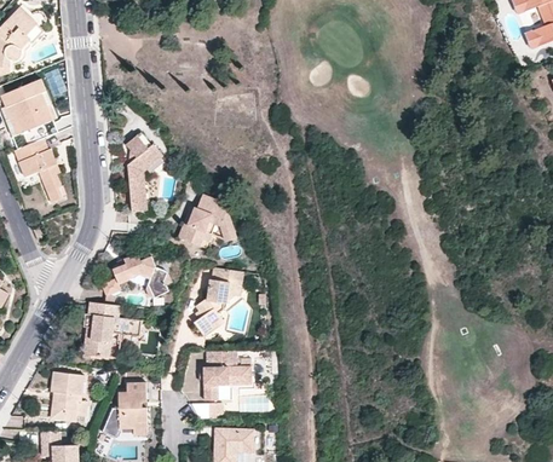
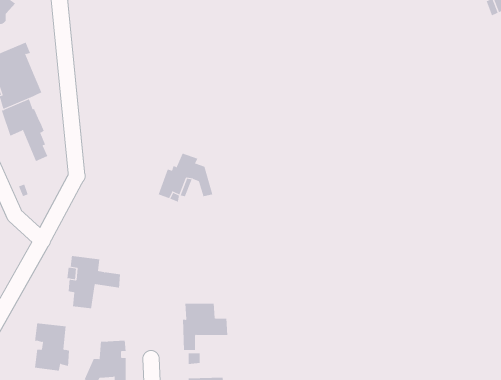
building: [128,134,165,210] -> none
building: [113,254,168,296] -> none
building: [196,267,244,336] -> none

